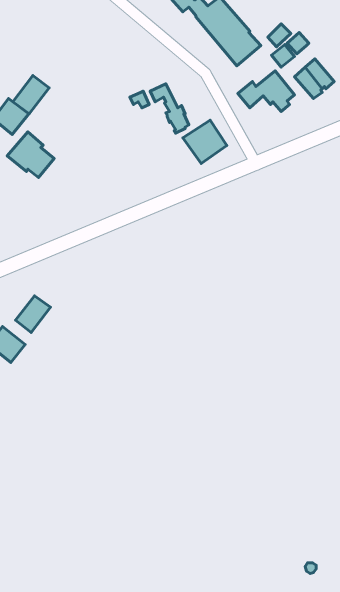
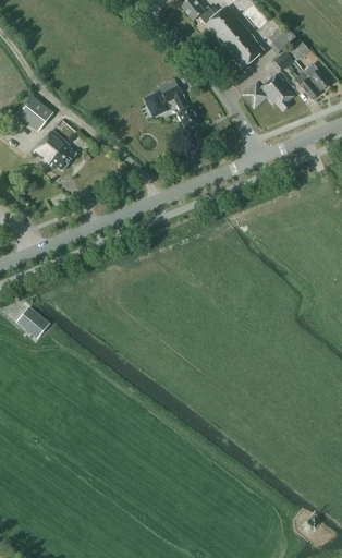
building: [13,75,49,114] -> none
building: [183,120,227,163] -> none
building: [15,296,50,333] -> none

